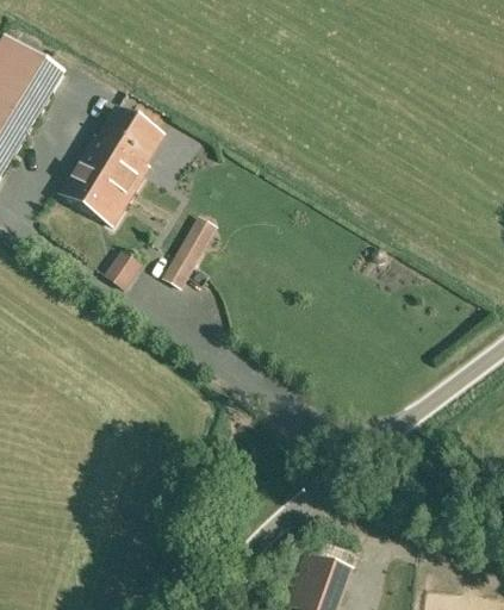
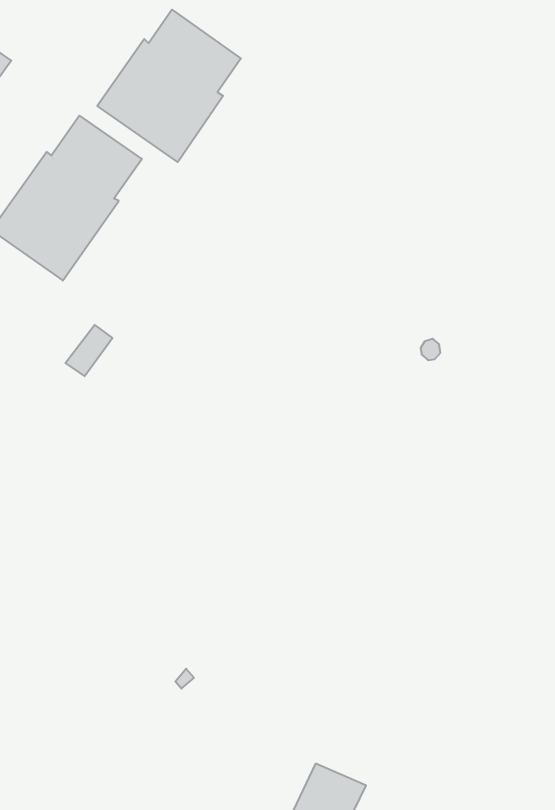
building: none -> [97,10,241,162]
building: [169,213,222,292] -> none

